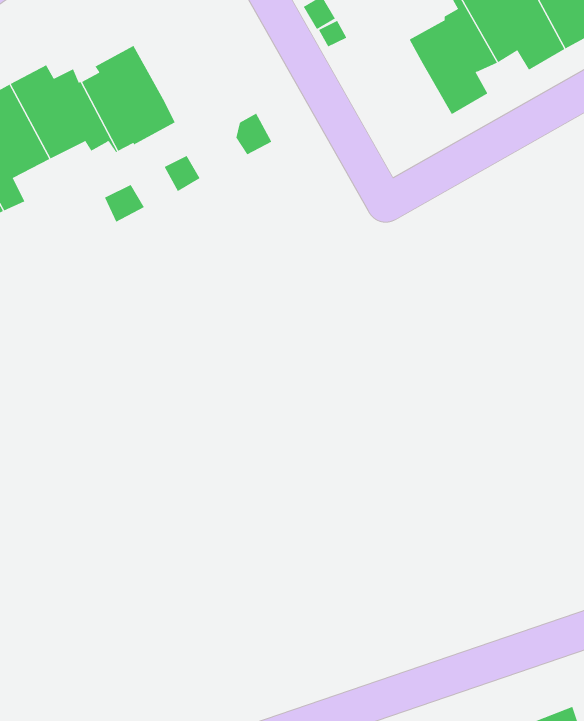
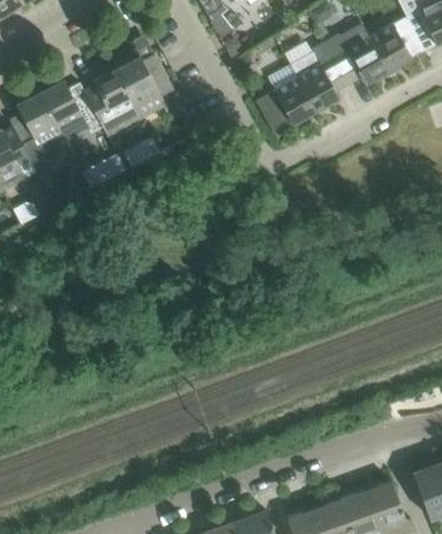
building: none -> [114,49,173,117]
building: none -> [255,78,317,130]

